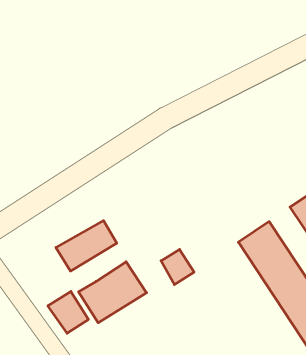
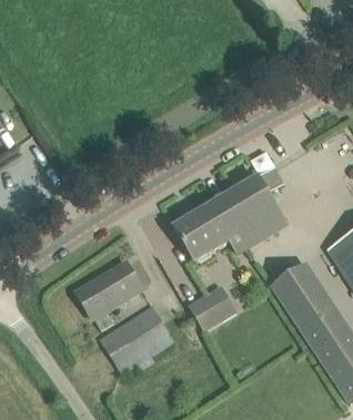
building: none -> [173,166,285,260]
building: [48,291,88,333] -> none

